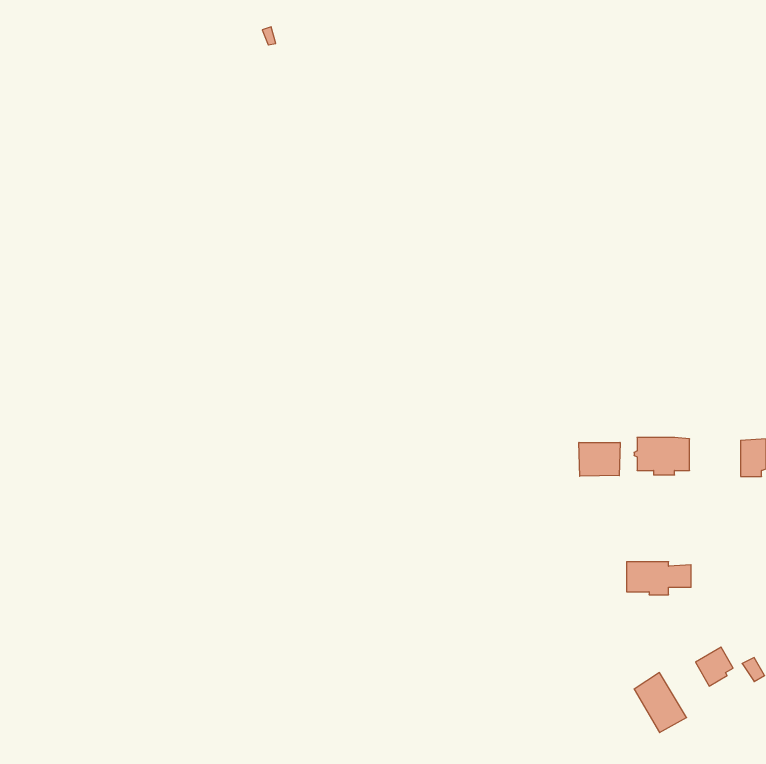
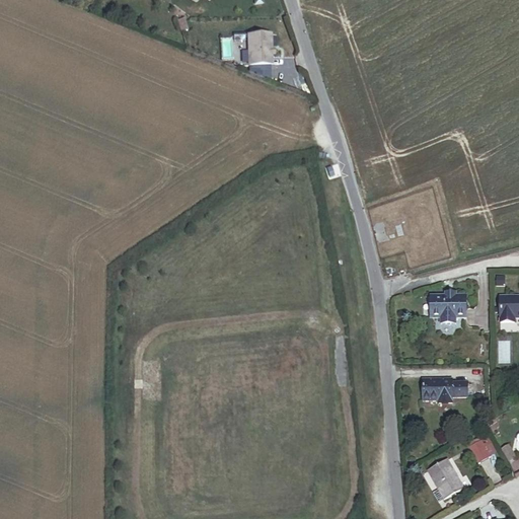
building: none -> [247,34,273,64]
building: [579,442,620,476] -> none

